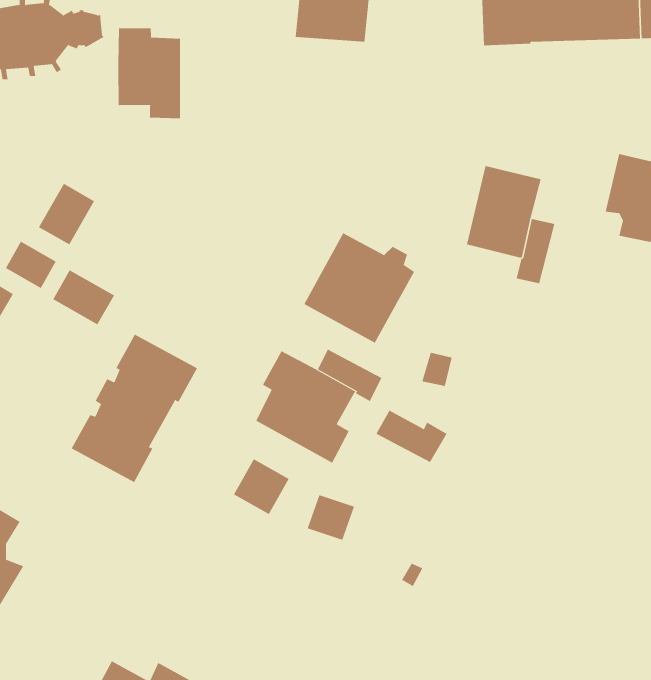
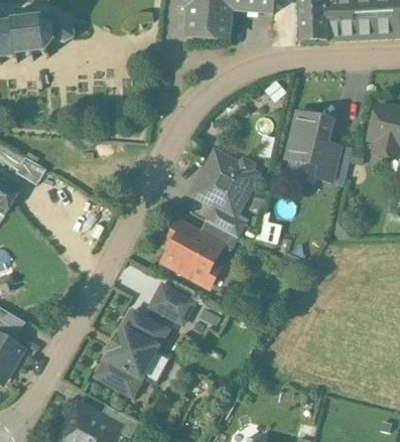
building: [118,28,180,119] -> none
building: [38,183,95,245] -> none
building: [52,270,115,325] -> none
building: [71,334,198,483] -> [95,308,169,396]
building: [376,410,448,463] -> [206,204,248,236]

